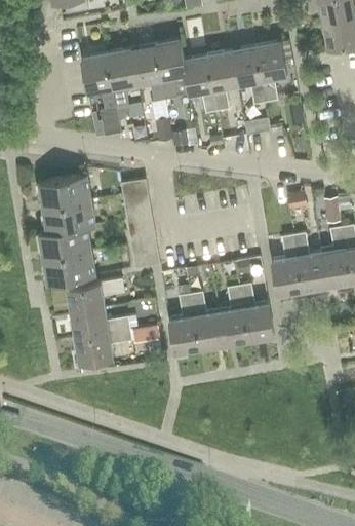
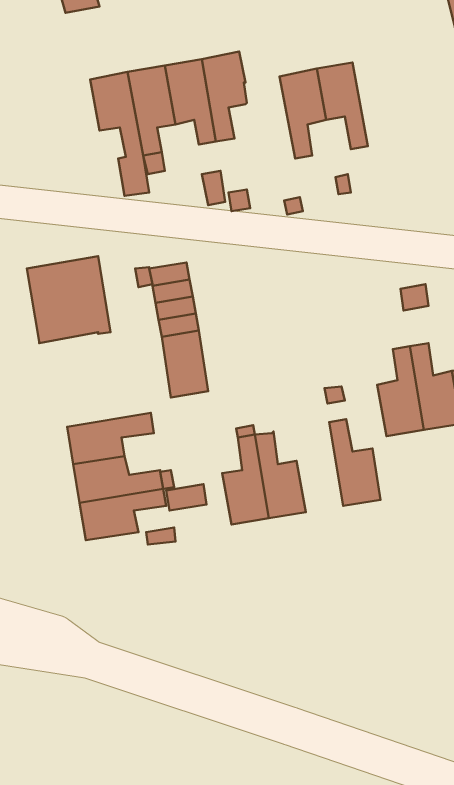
building: [254,41,286,102] -> none
building: [183,55,216,112] -> none
building: [39,225,94,283] -> none
building: [218,285,248,344] -> none

